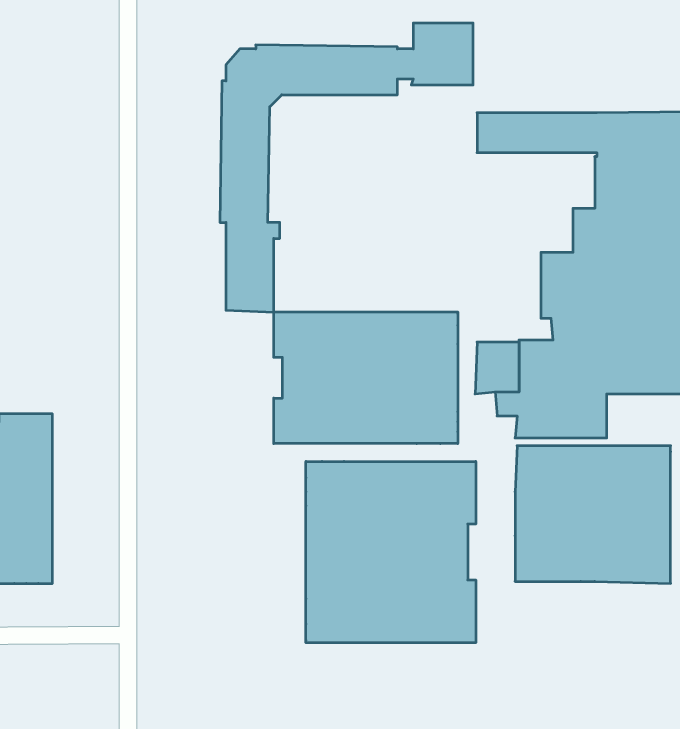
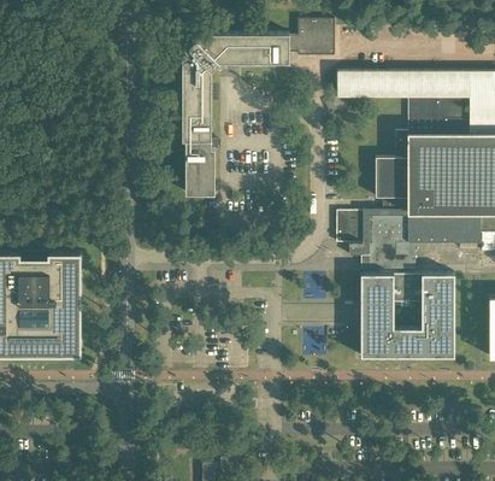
building: [274,312,458,444] -> none
building: [306,461,476,643] -> none

